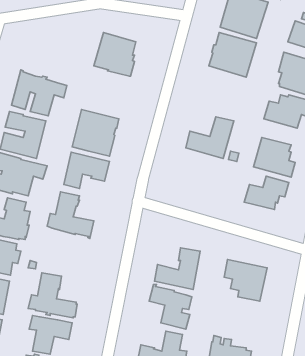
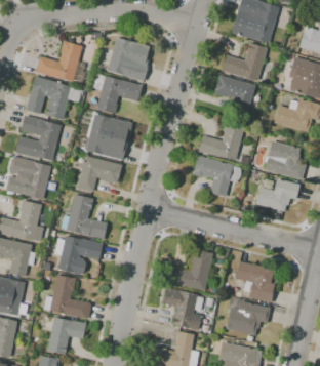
building: none -> [36,39,85,82]
building: none -> [95,74,143,114]
building: none -> [214,75,255,116]
building: none -> [190,156,239,198]
building: none -> [54,236,103,275]
building: none -> [227,295,271,334]

